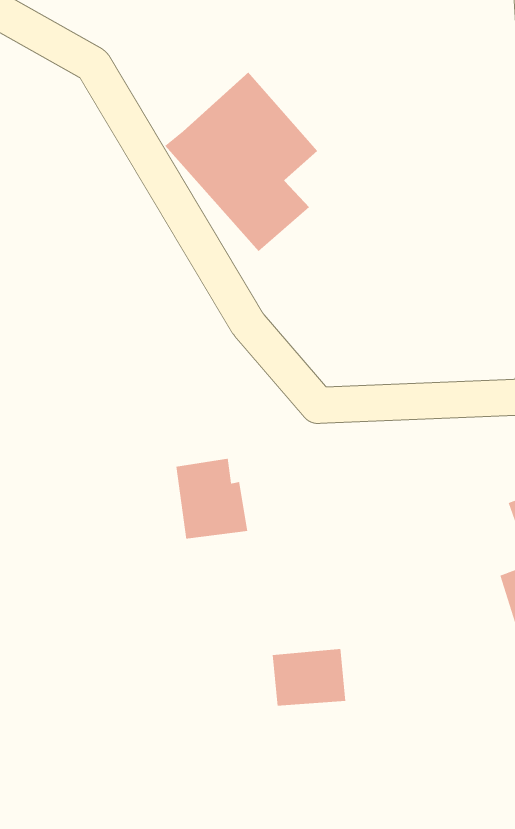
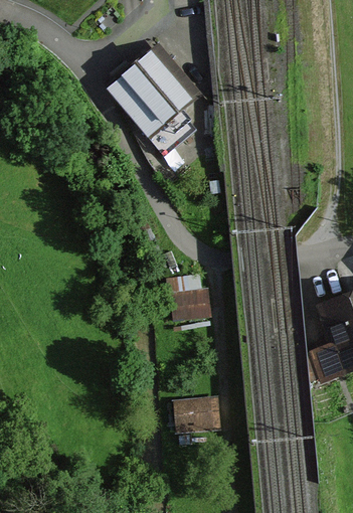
building: [176,458,248,539] -> [166,272,210,321]

